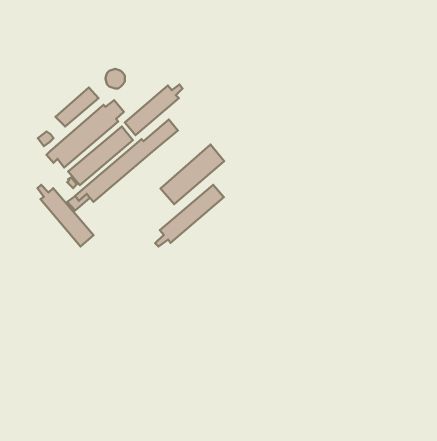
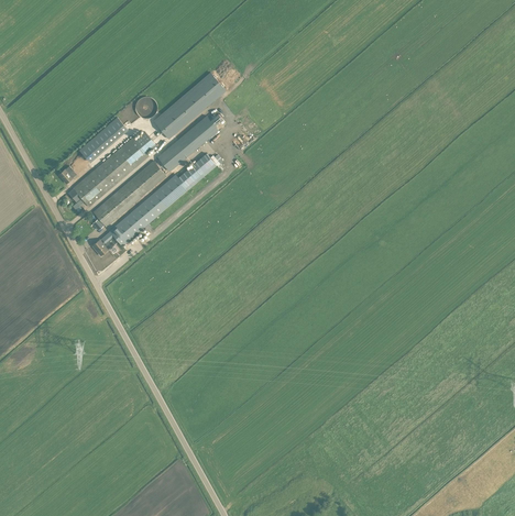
building: [161,145,224,204] -> [152,73,223,140]
building: [38,185,93,246] -> none
building: [155,185,224,247] -> none

